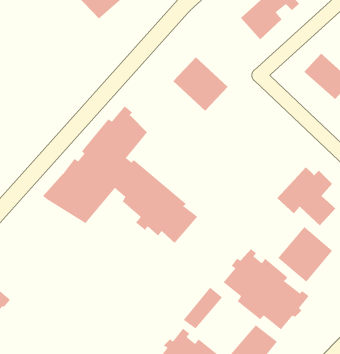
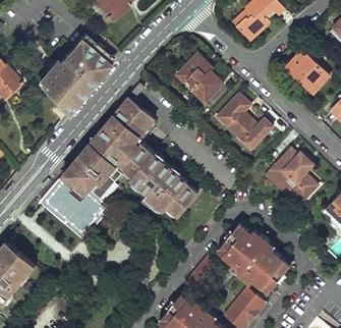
building: none -> [40,34,114,114]
building: none -> [217,96,271,151]
building: none -> [38,179,105,236]
building: [278,226,333,282] -> none

